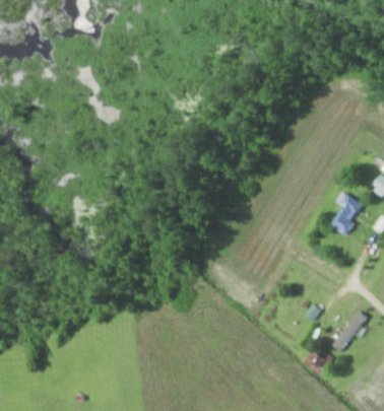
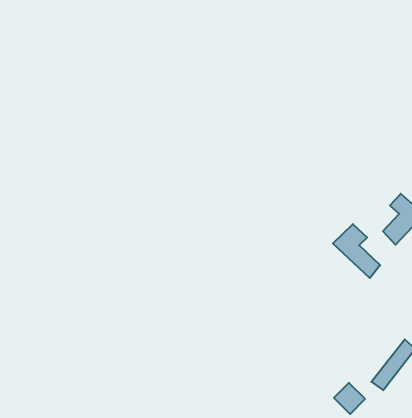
building: none -> [333,224,380,278]

